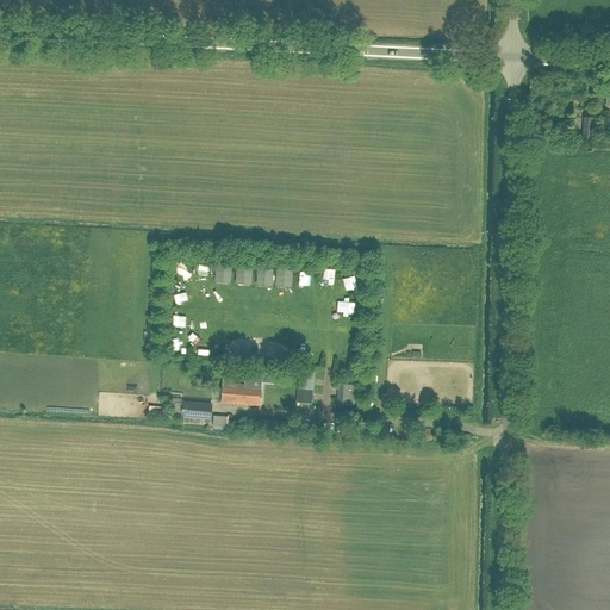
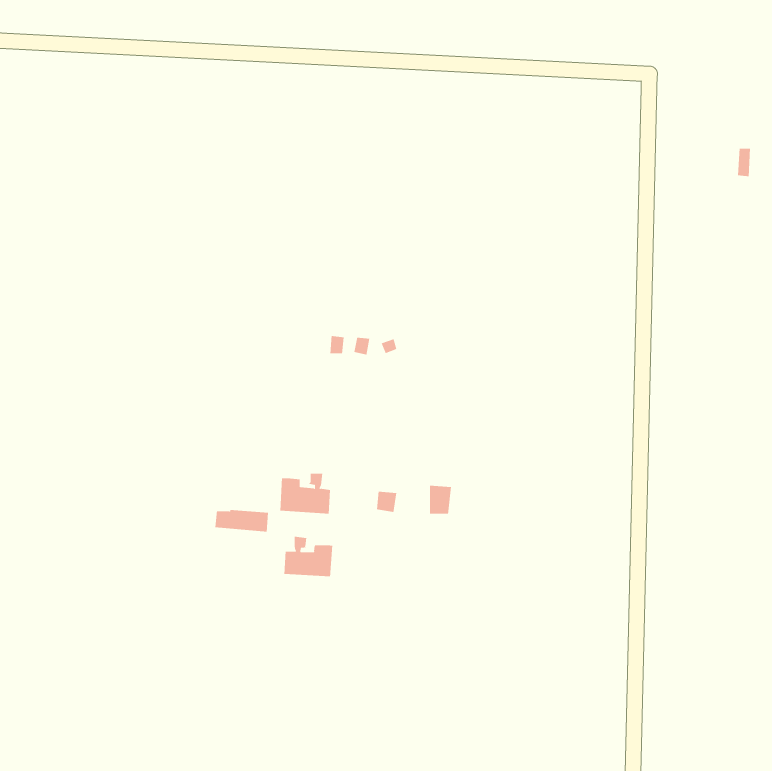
building: none -> [284,536,333,577]

